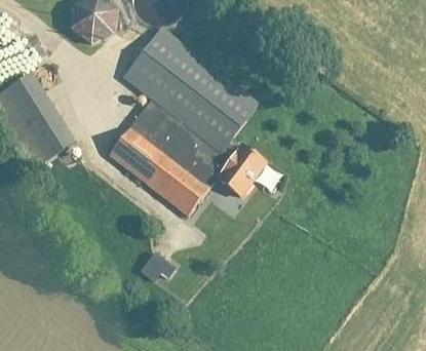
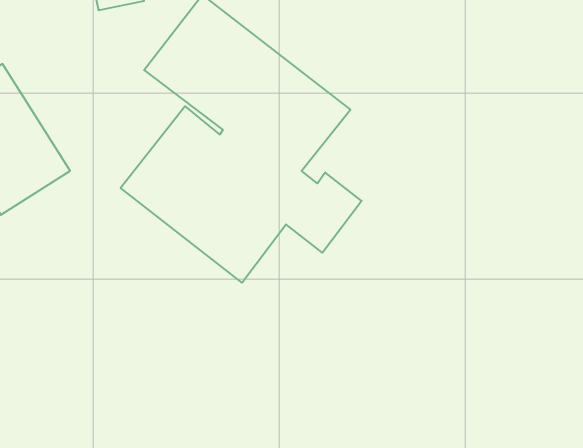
building: [140,251,175,280] -> none

